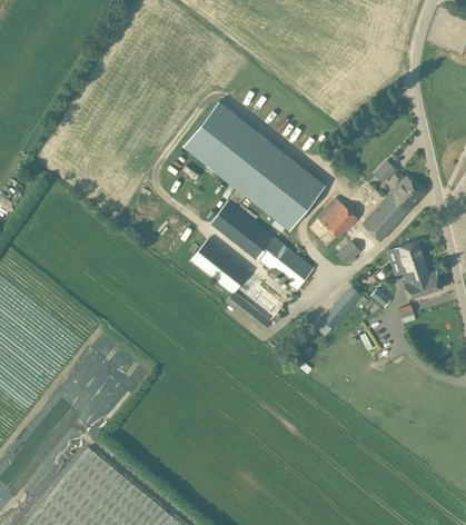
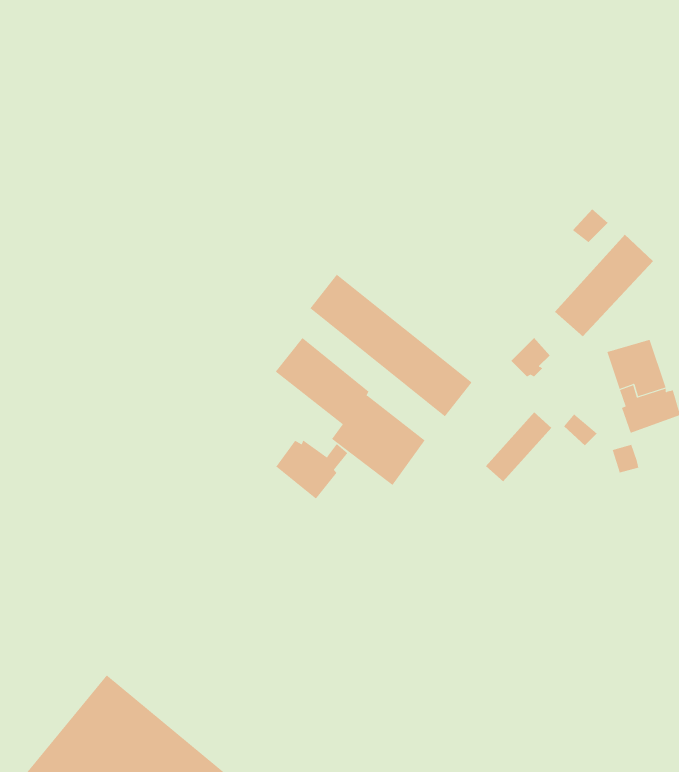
building: [182,102,325,231] -> none
building: [314,198,356,240] -> none
building: none -> [275,439,348,499]

